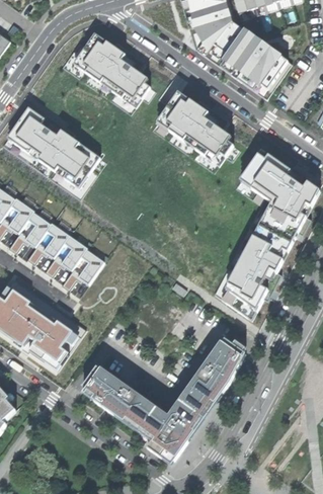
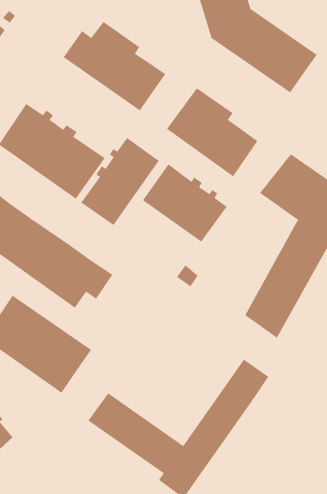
building: none -> [81,137,159,226]
building: none -> [142,164,227,242]

